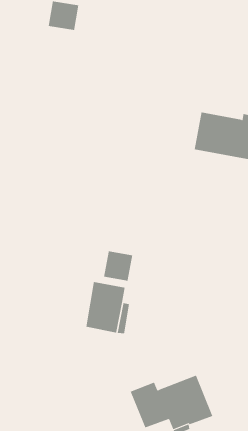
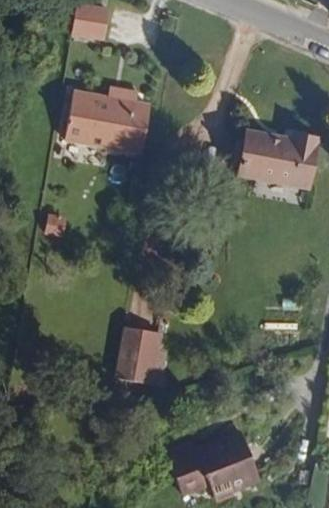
building: none -> [65,90,151,154]
building: [104,250,133,281] -> none

